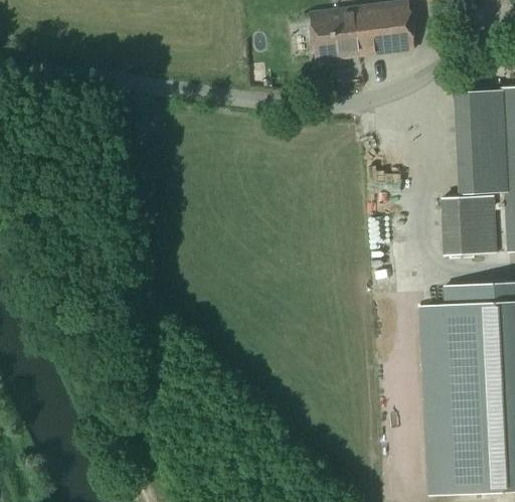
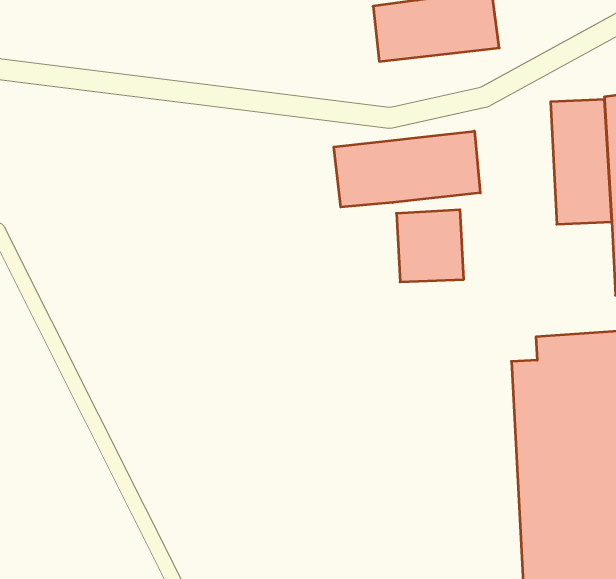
building: none -> [334,131,480,207]
building: [441,194,496,254] -> [396,210,464,282]

